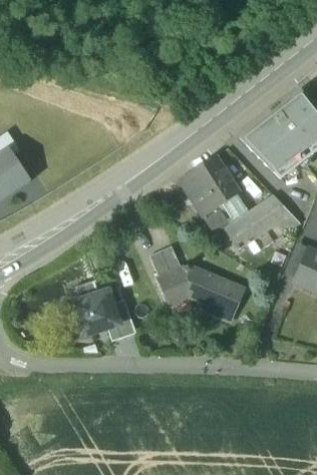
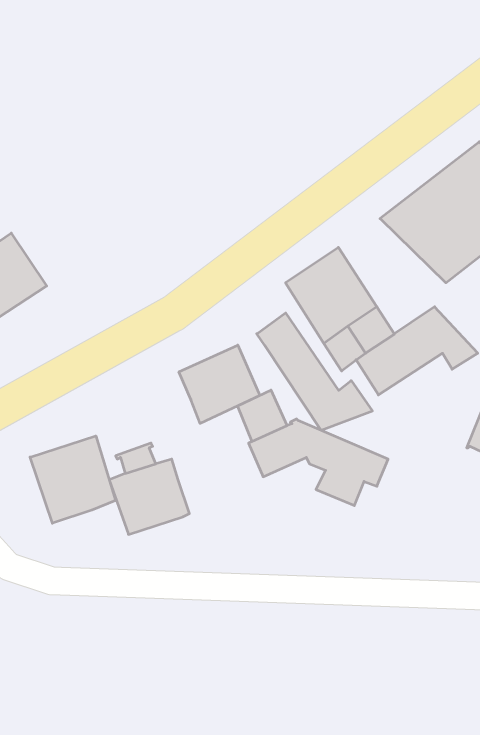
building: none -> [257,313,372,430]
building: none -> [179,345,260,423]
building: none -> [30,436,116,523]
building: [112,298,135,338] -> none

